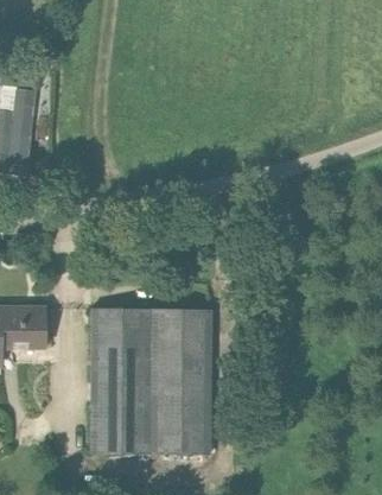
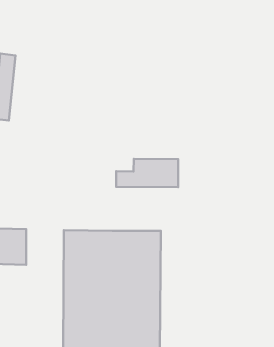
building: none -> [116,159,178,187]

